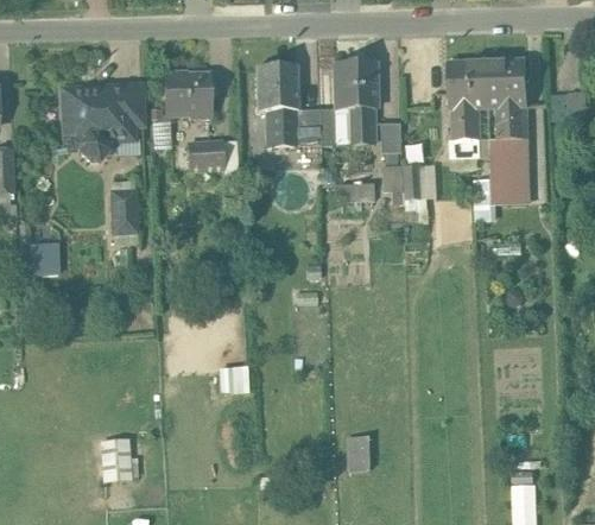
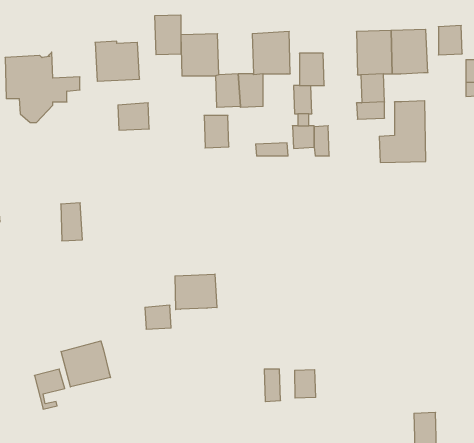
building: none -> [155,15,181,55]
building: [115,83,146,113] -> none
building: [498,107,524,139] -> [438,26,462,55]
building: [347,108,374,144] -> [299,53,324,86]
building: [268,110,296,146] -> [204,115,229,148]
building: [113,190,137,232] -> [61,203,82,241]
building: none -> [175,274,217,310]
building: none -> [61,341,110,387]
building: none -> [295,370,316,398]

